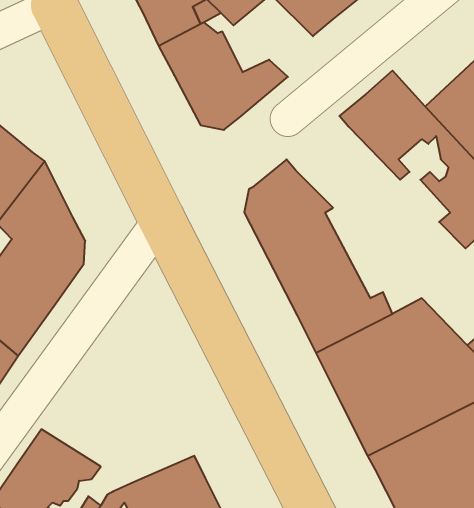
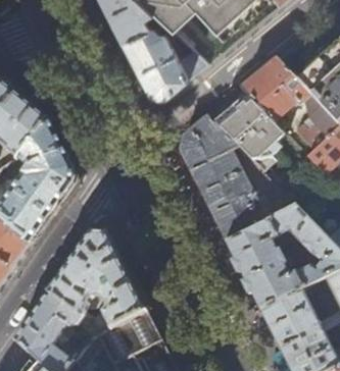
building: none -> [211,94,284,171]
building: none -> [45,229,145,325]

